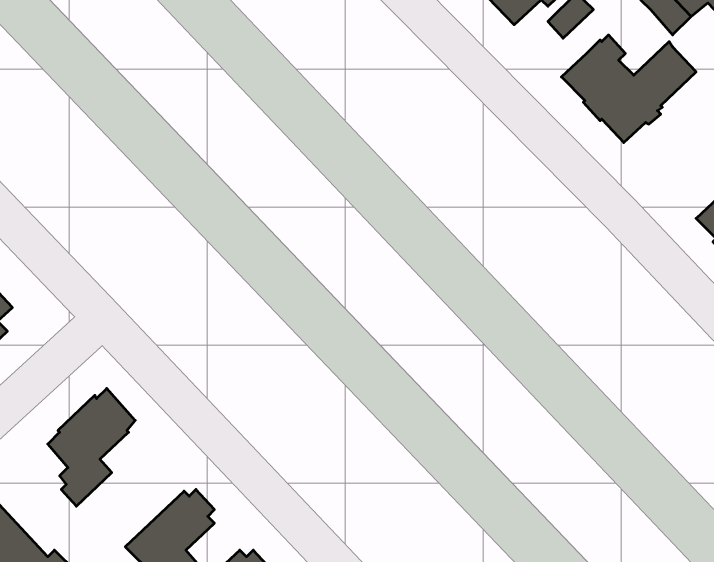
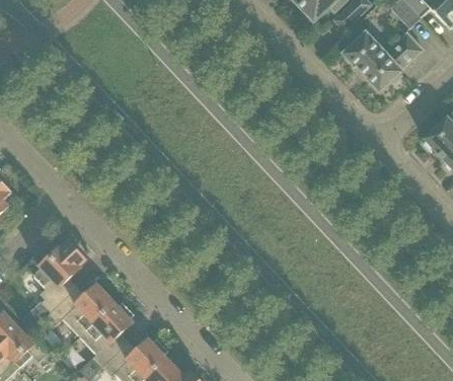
building: none -> [43,283,115,335]

